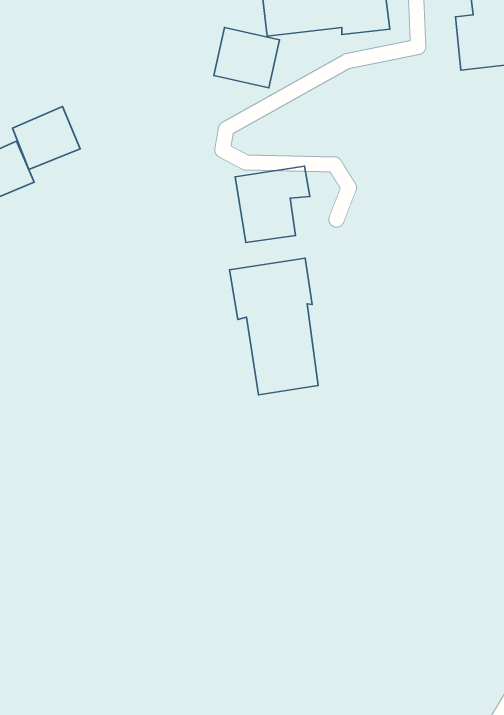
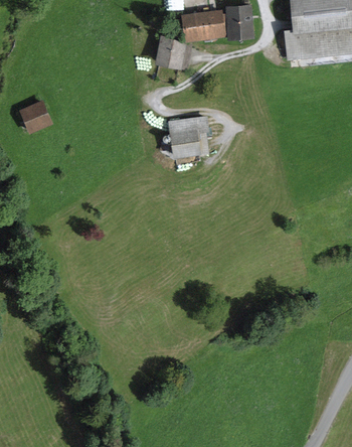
building: [13,106,80,169] -> none
building: [230,258,318,395] -> none

